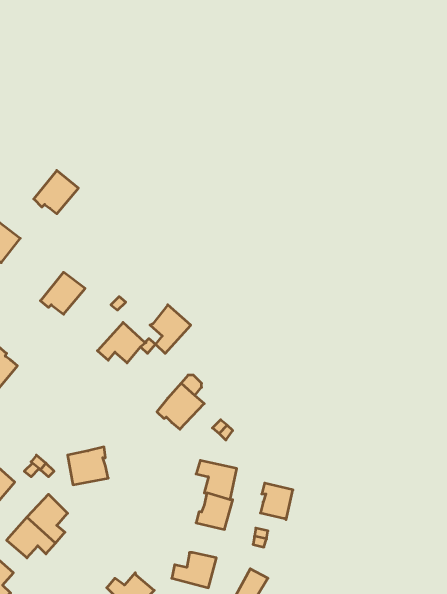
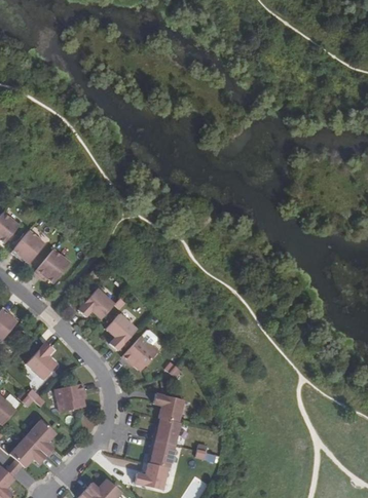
building: [34,170,78,214] -> [11,230,45,263]
building: [150,305,191,353] -> [106,313,137,350]
building: none -> [27,342,58,379]
building: [260,483,293,520] -> [150,440,175,468]

